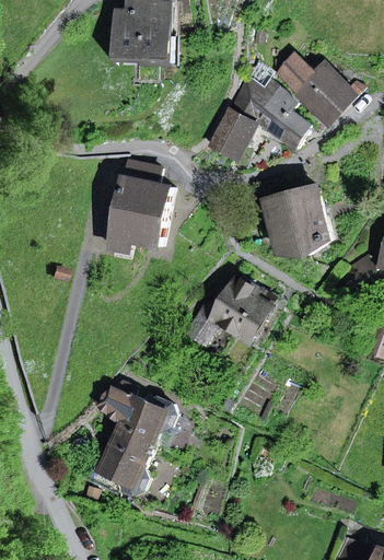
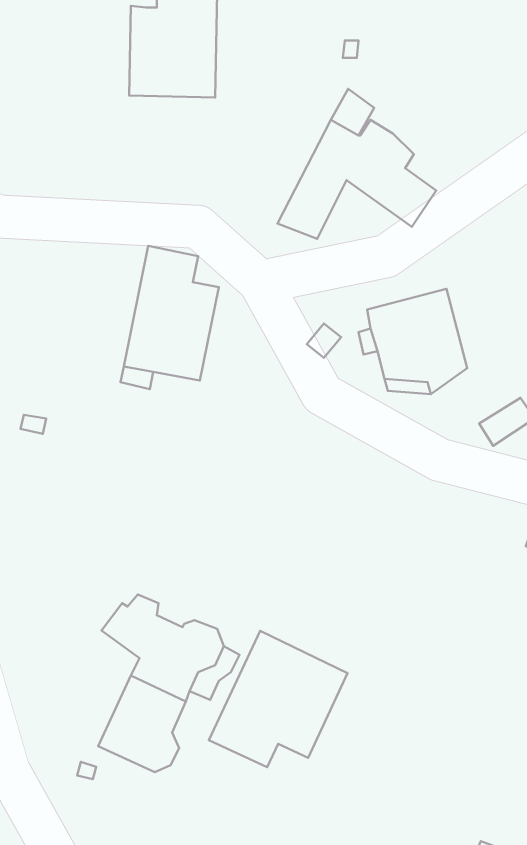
building: [272,55,359,119] -> none
building: [183,277,270,341] -> none
building: none -> [209,631,347,767]

